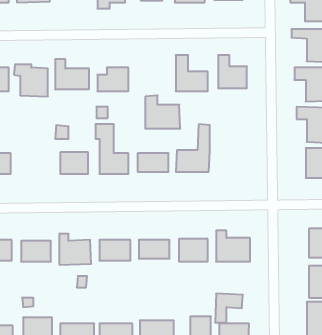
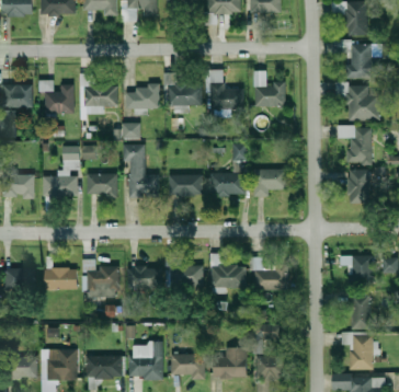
building: [145,95,180,129] -> [164,72,202,107]
building: none -> [43,153,79,197]
building: none -> [253,170,287,197]

